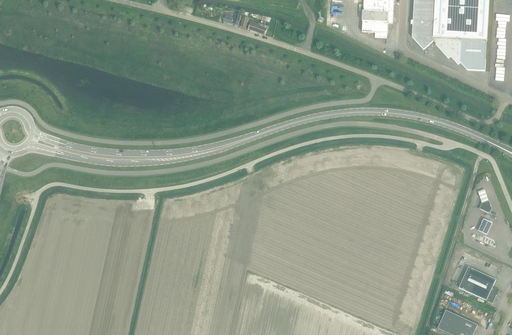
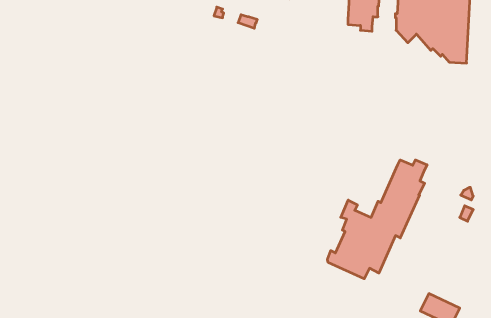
building: none -> [327,160,427,279]
building: [458,265,498,301] -> none

